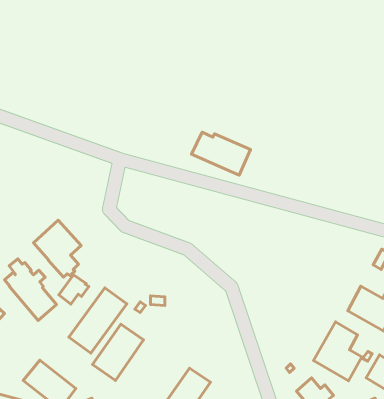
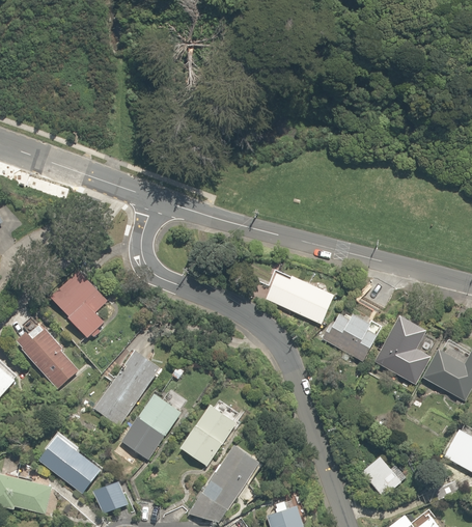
building: [192,132,251,175] -> [265,274,334,325]
building: none -> [321,314,382,362]
building: [59,275,89,304] -> none
building: [313,322,362,381] -> [373,315,431,385]
building: none -> [179,405,235,466]

